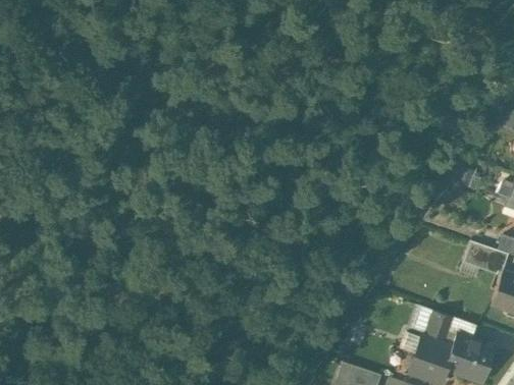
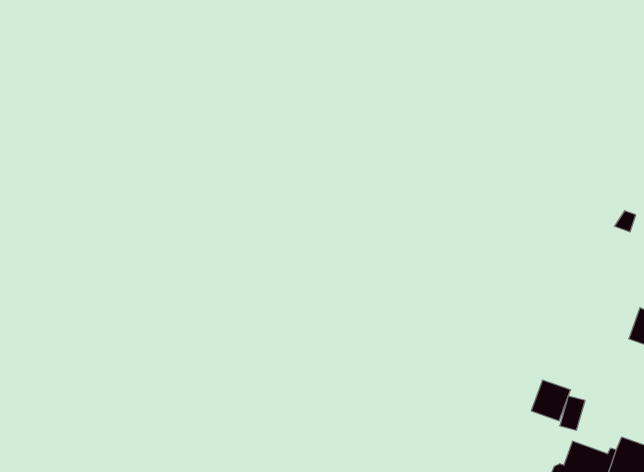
building: [427,313,456,342] -> [531,380,571,421]

